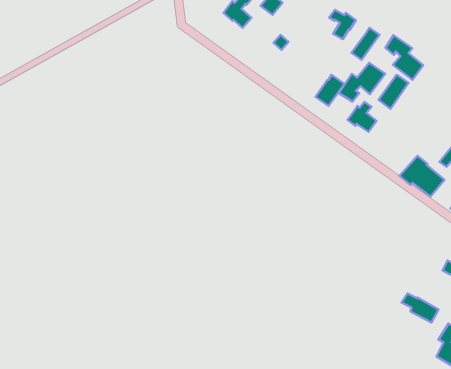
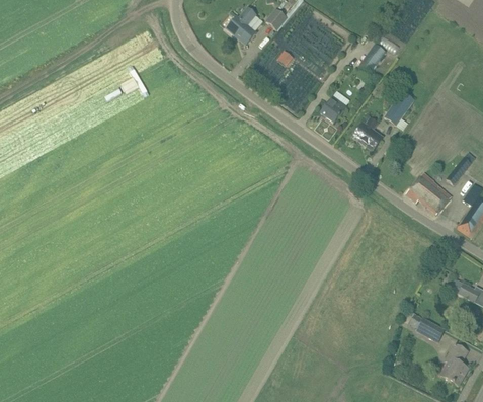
building: [329,10,356,39] -> none
building: [386,35,423,80] -> none
building: [339,63,385,102] -> none

